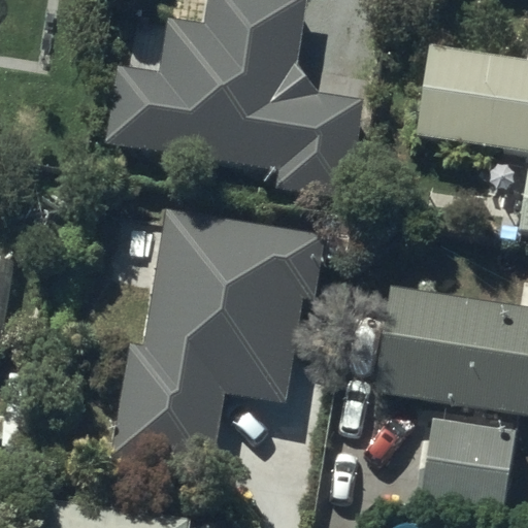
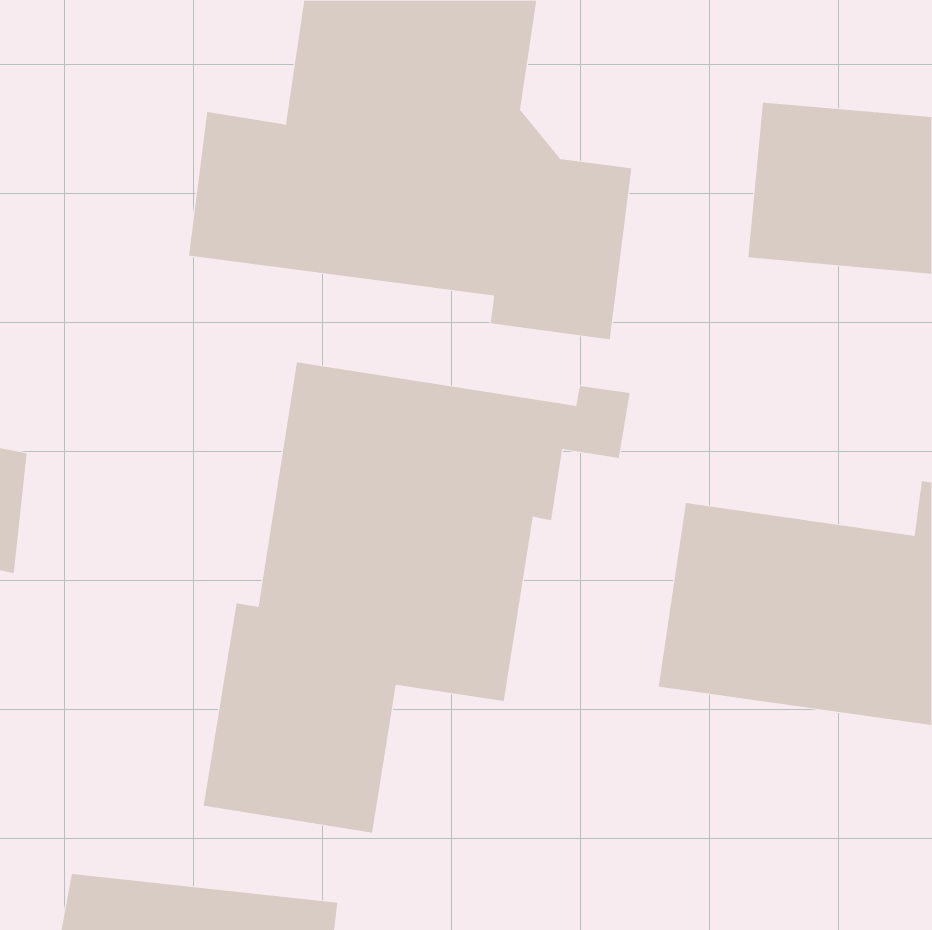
building: [421,418,518,512] -> none

